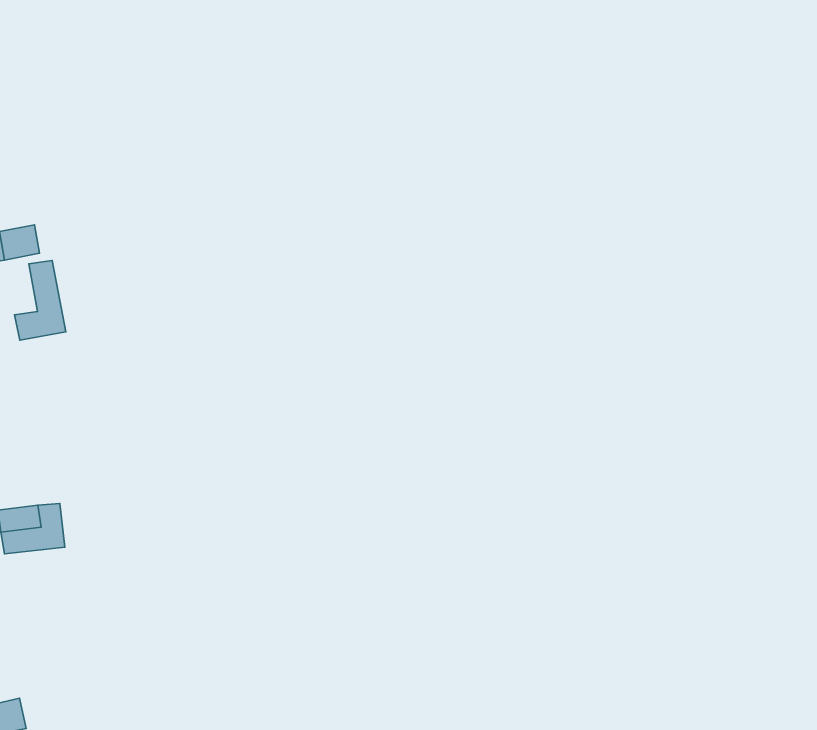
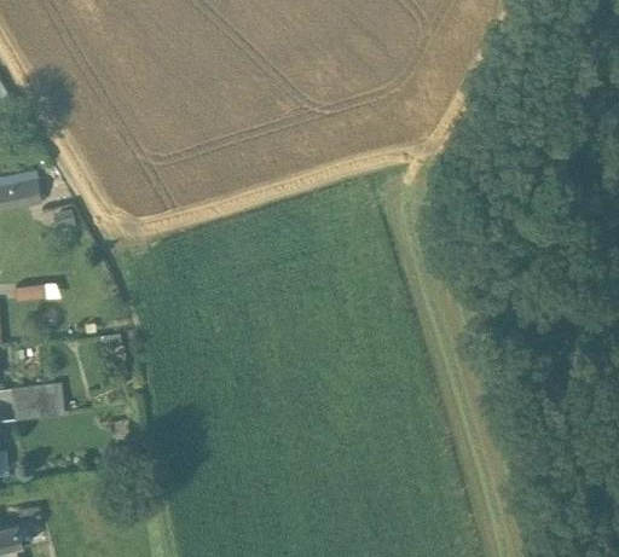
building: [14,261,66,340] -> none

